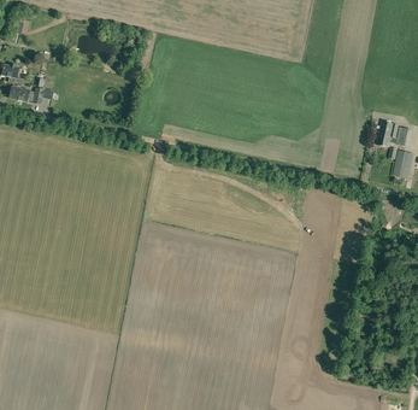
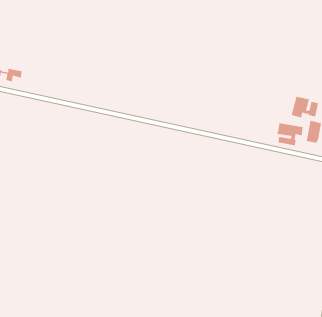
building: none -> [277,123,303,146]

